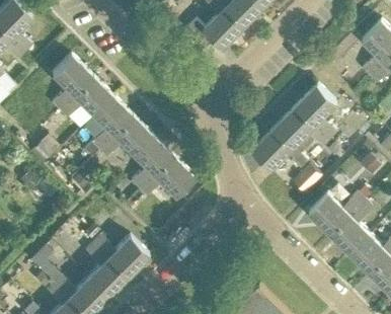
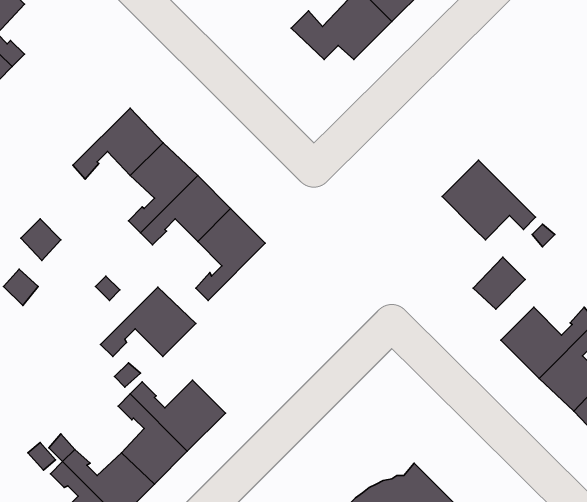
building: [50,55,91,110] -> none
building: [295,85,336,141] -> none
building: [251,129,307,170] -> none
building: [137,156,192,197] -> [101,287,196,356]

